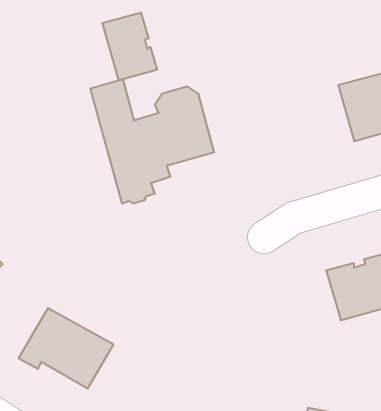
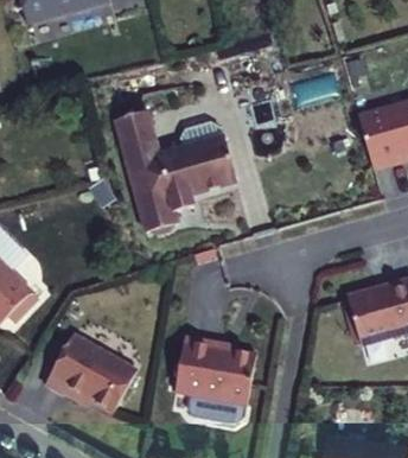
building: [102,12,157,80] -> none
building: none -> [170,333,250,420]

